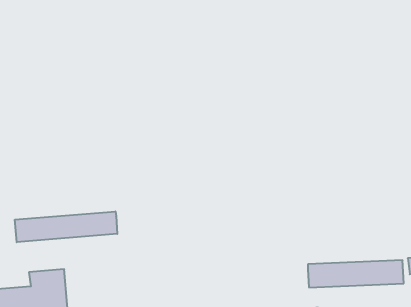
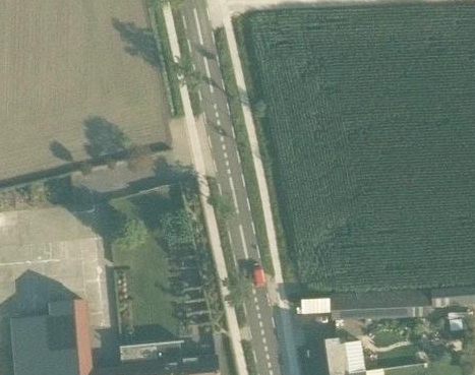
building: [15,211,117,242] -> none

